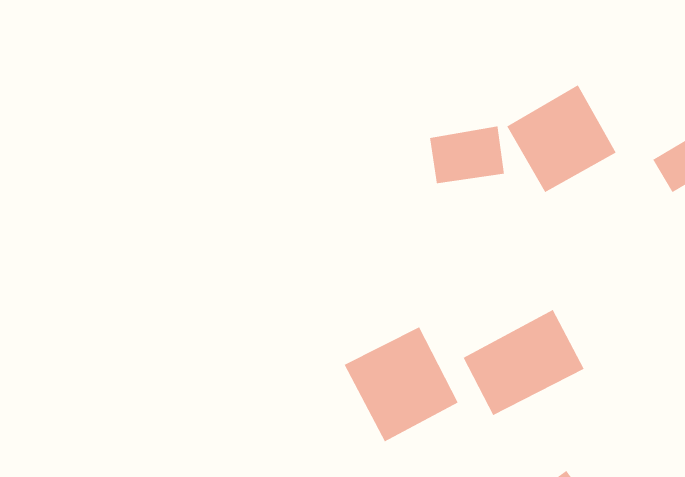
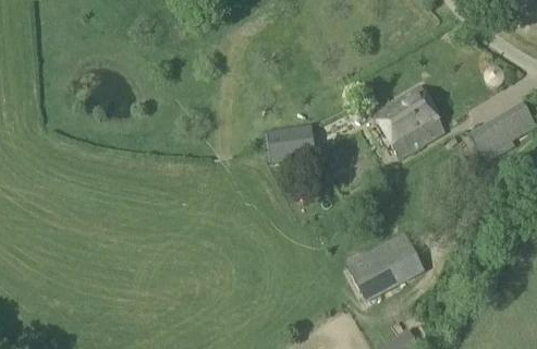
building: [429,126,505,184] -> [268,125,317,164]
building: [343,326,459,442] -> none

